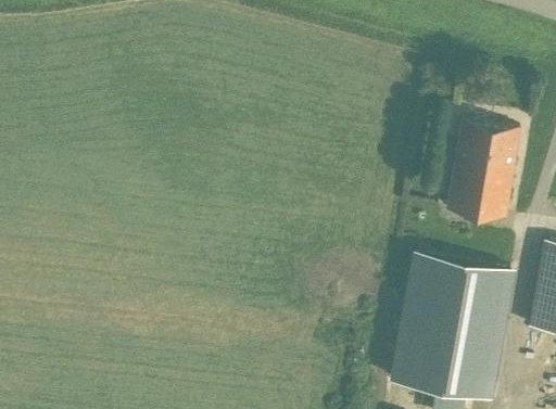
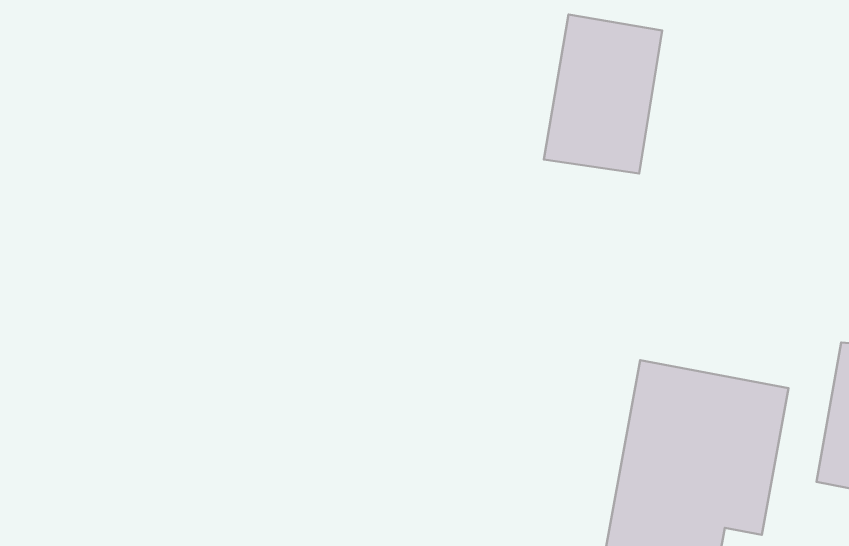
building: [448,124,521,221] -> [544,15,662,173]

